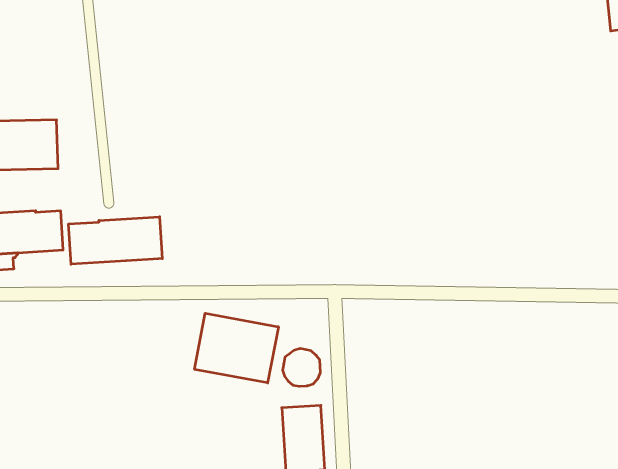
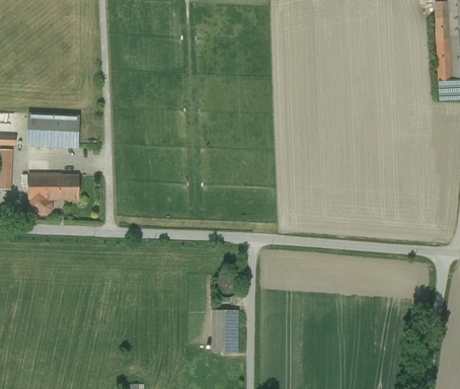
building: [69,217,162,264] -> none
building: [195,313,278,383] -> none

